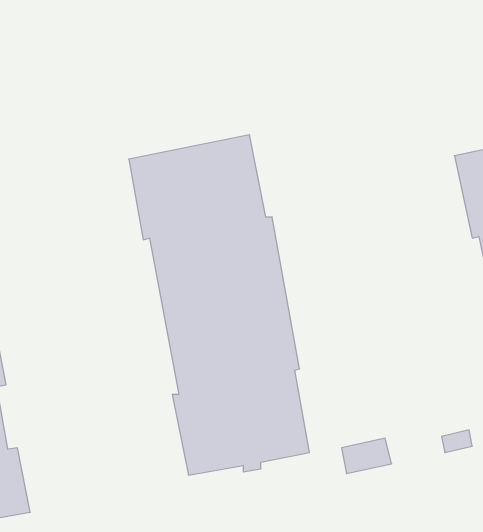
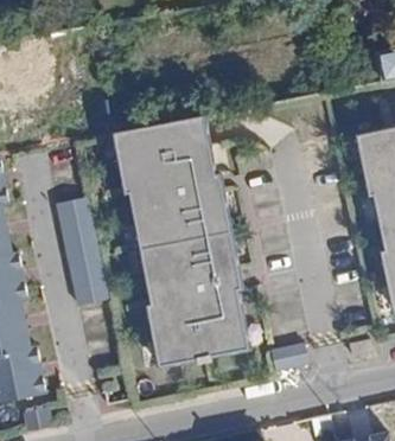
building: none -> [55,197,109,305]

